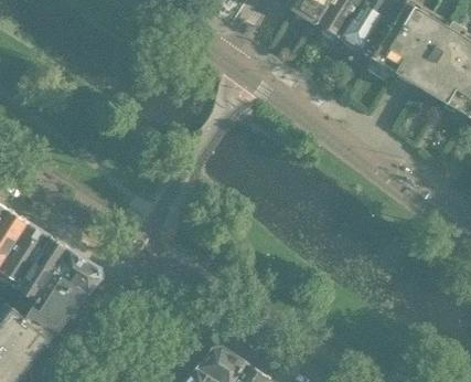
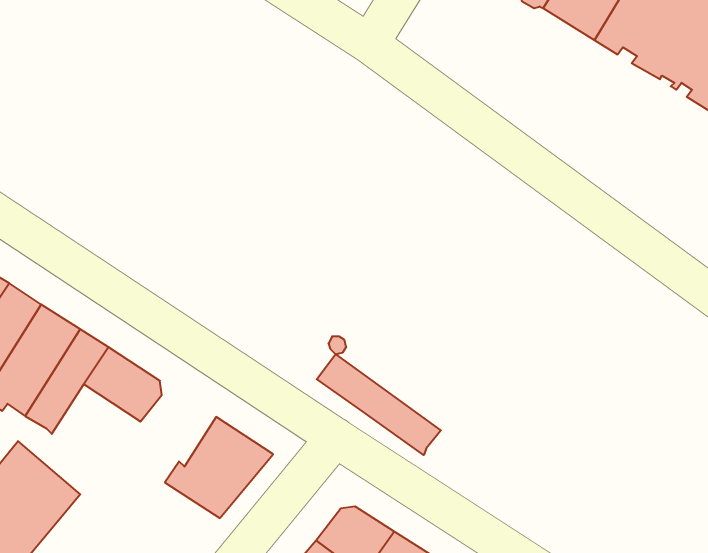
building: none -> [317,354,441,455]
building: [21,272,88,335] -> [165,417,273,518]

